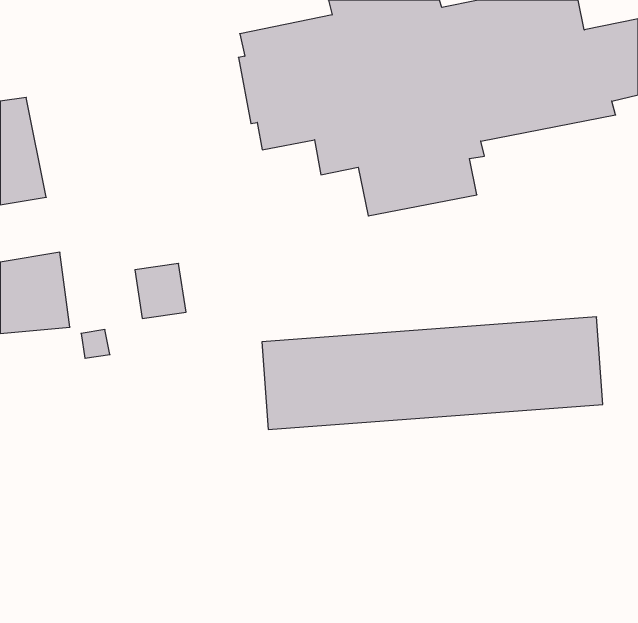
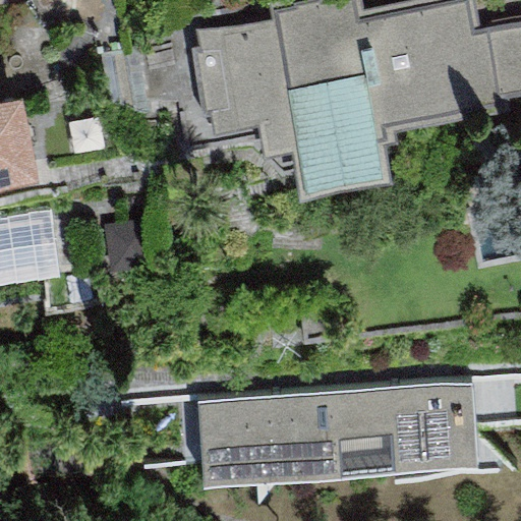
building: [262,317,603,429] -> [198,385,476,476]

